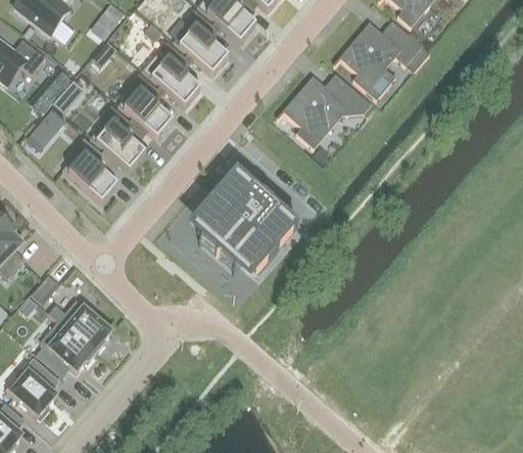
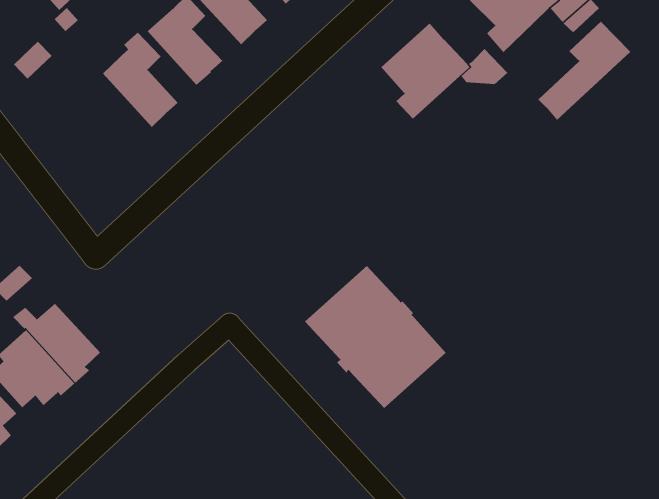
building: none -> [538,21,631,121]
building: [63,137,118,202] -> none
building: [197,173,298,271] -> [304,265,447,409]

